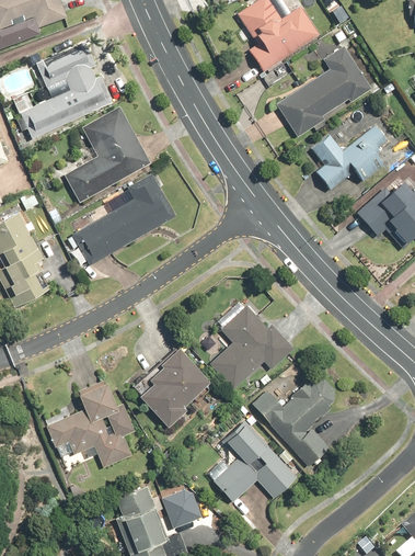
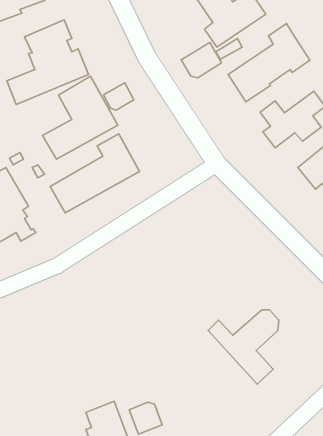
building: none -> [181,43,222,78]
building: none -> [103,83,134,110]
building: [207,305,291,389] -> none
building: [135,347,207,427] -> none
building: [47,378,136,467] -> none
building: [210,418,295,501] -> none

